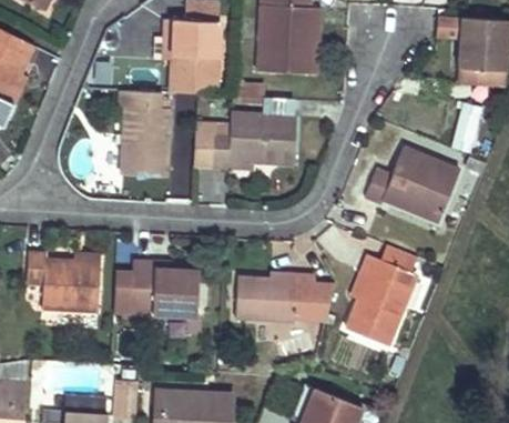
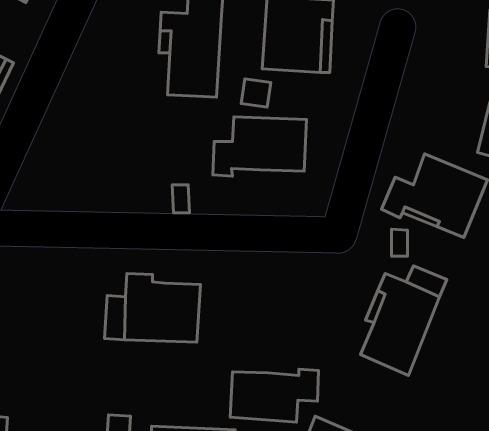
building: [120,90,171,175] -> none
building: [27,251,99,311] -> none
building: [235,273,315,321] -> [230,369,319,422]

